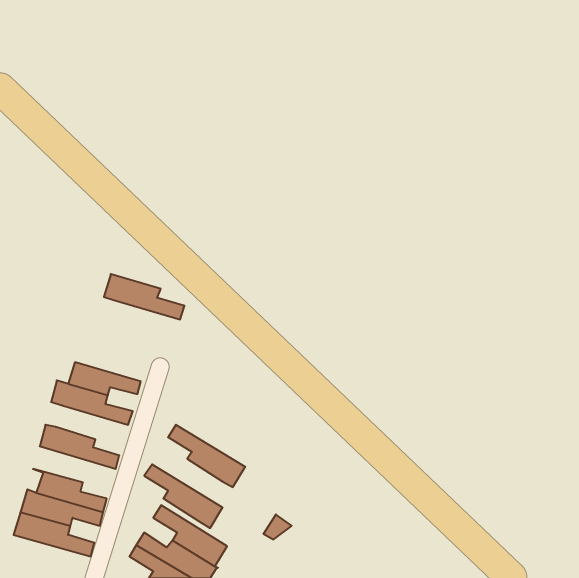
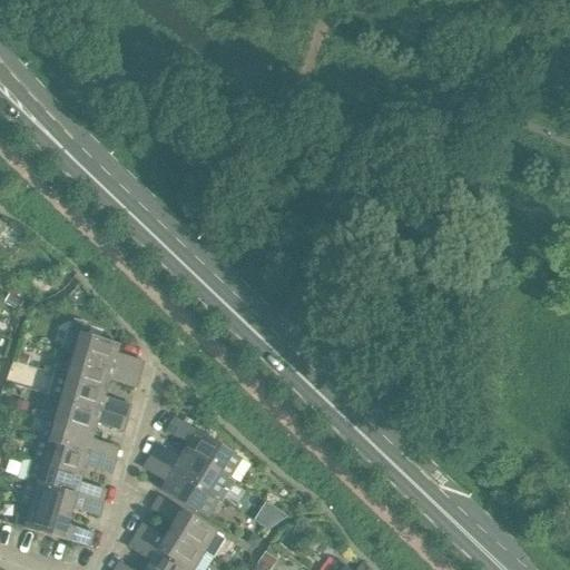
building: [104,274,185,320] -> [65,330,144,374]
building: none -> [56,397,127,431]
building: none -> [33,438,115,473]
building: none -> [150,443,219,498]

